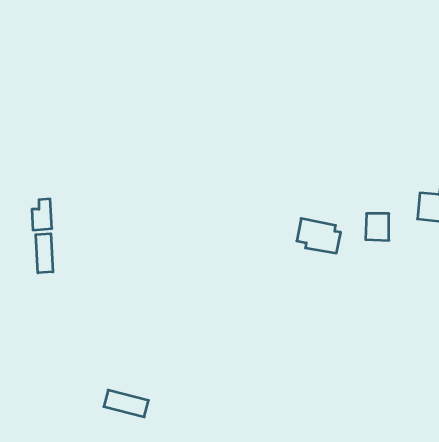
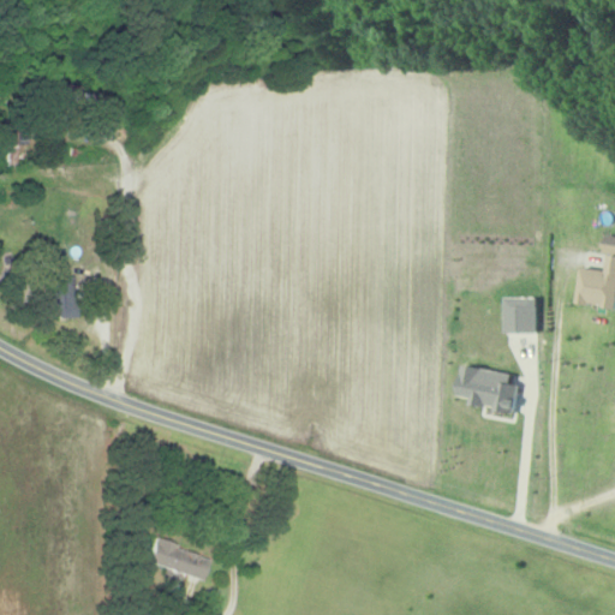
building: [297,218,341,253] -> [465,365,526,413]
building: [36,234,53,273] -> none

